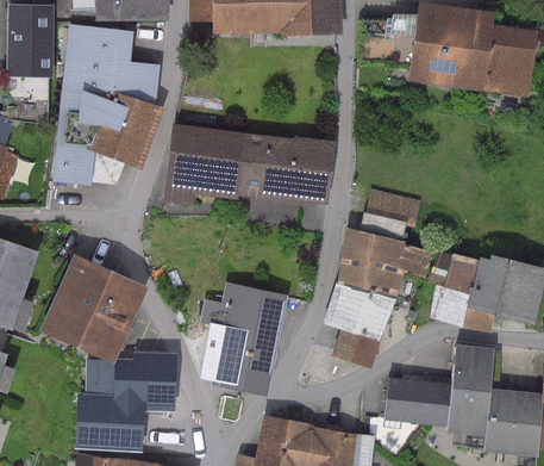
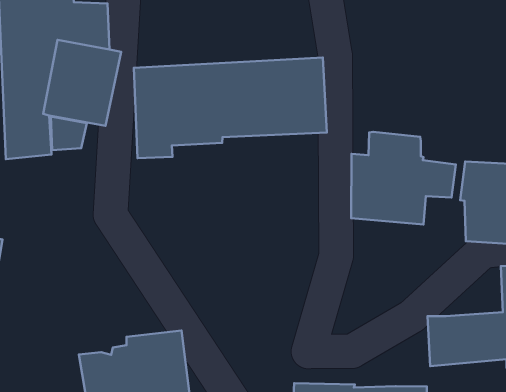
building: [367,191,420,229] -> none
building: [38,255,146,365] -> none
building: [198,280,290,398] -> none
building: [320,282,396,368] -> none

